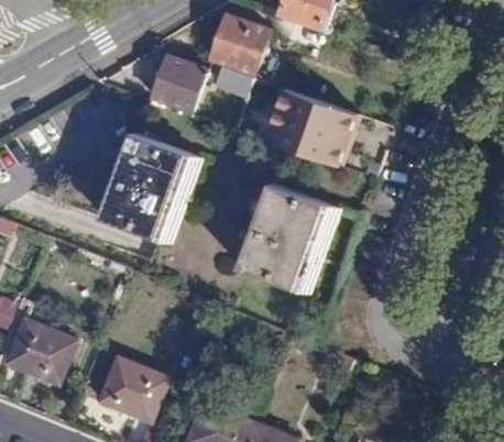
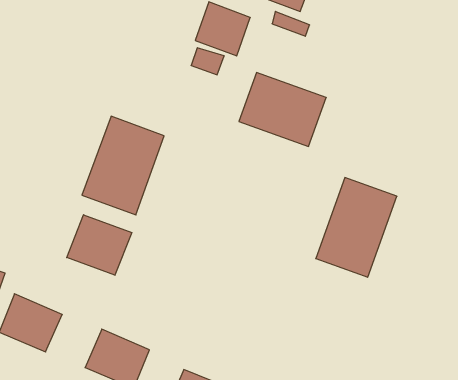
building: [150,53,202,106] -> none
building: [239,186,325,291] -> [316,178,397,277]
building: none -> [67,215,132,275]

